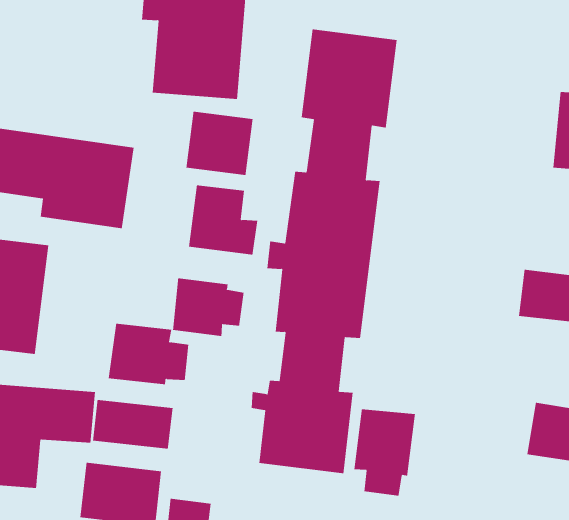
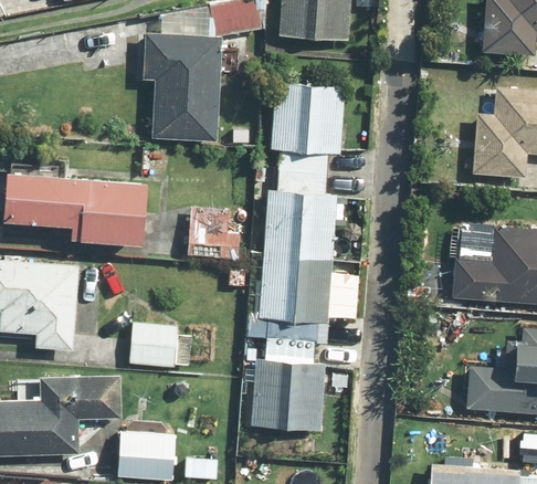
building: [186,111,253,176] -> none
building: [173,278,244,337] -> none
building: [92,399,173,450] -> none
building: [354,408,415,496] -> none

